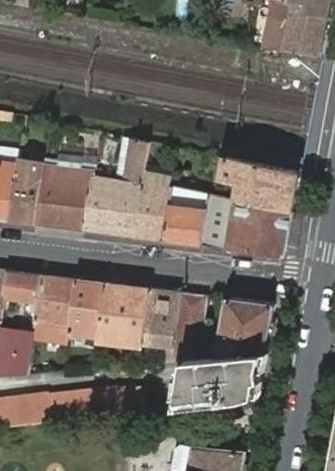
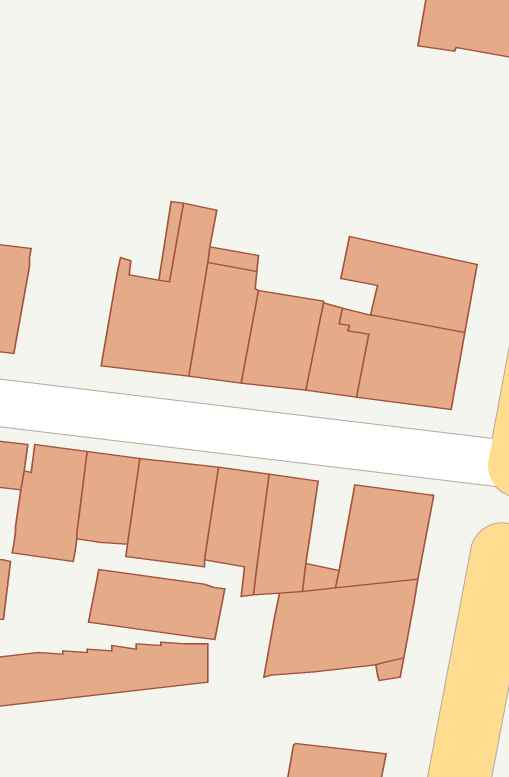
building: [31,153,94,231] -> none
building: none -> [88,569,225,639]

